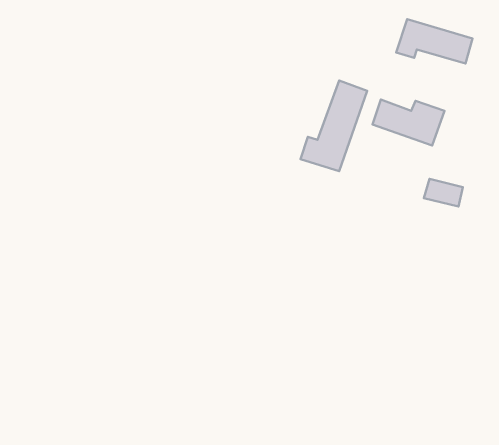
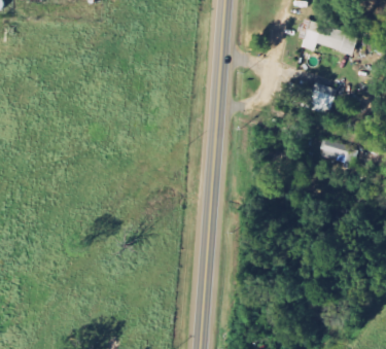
building: [300,81,367,171] -> none

